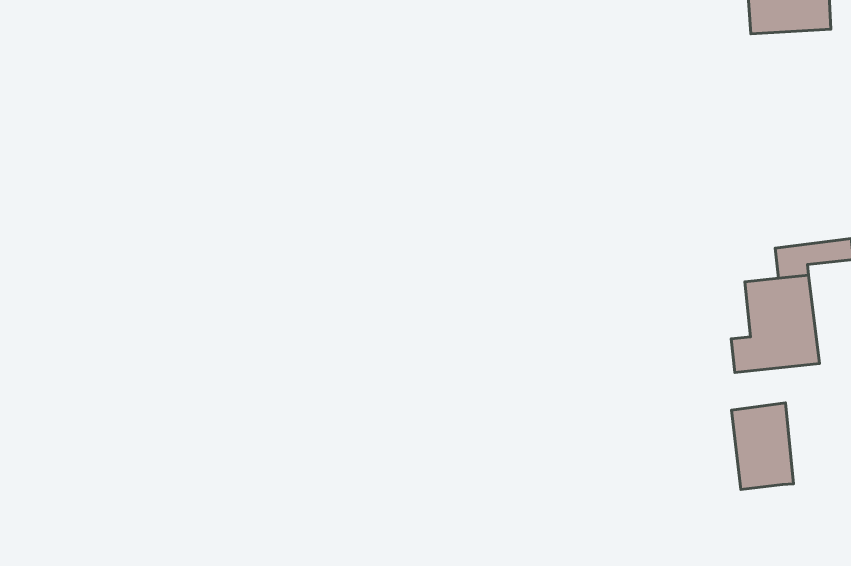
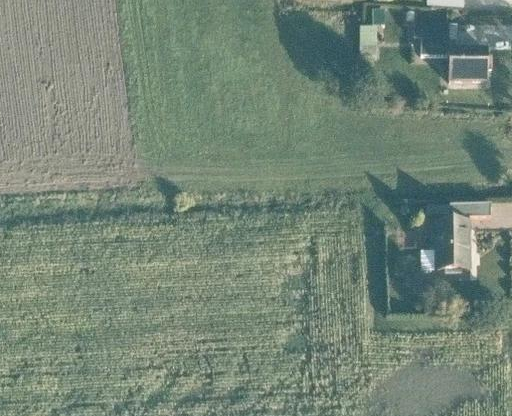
building: [731,403,794,489] -> none

